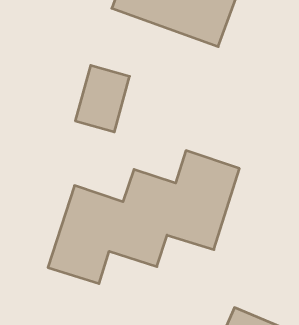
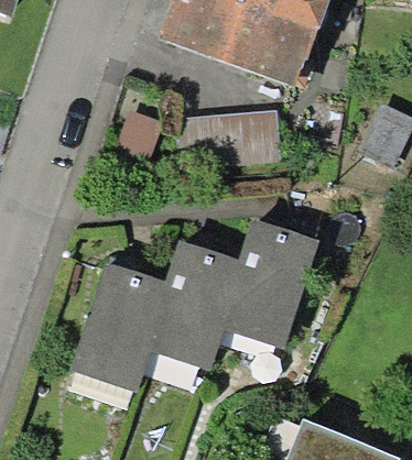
building: none -> [186,109,293,167]

